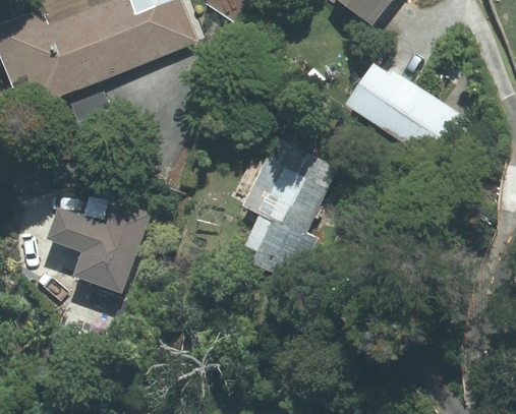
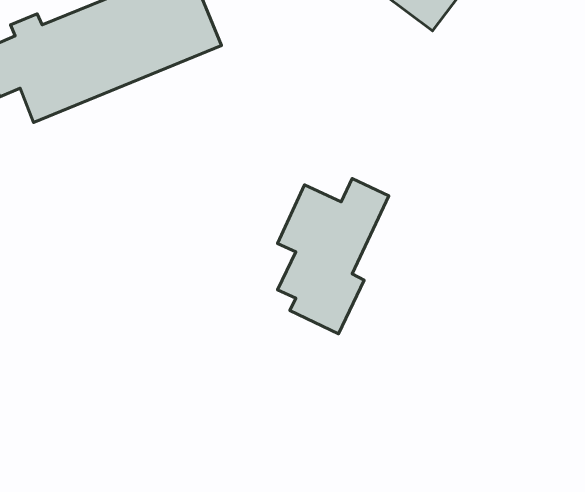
building: [346,62,460,161] -> none
building: [60,199,153,293] -> none

